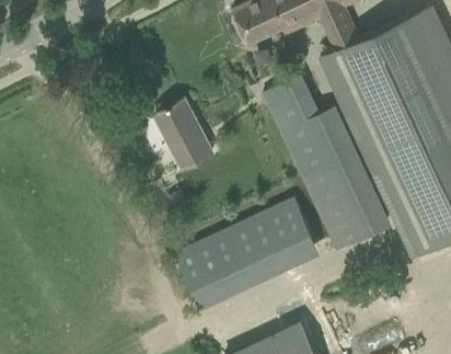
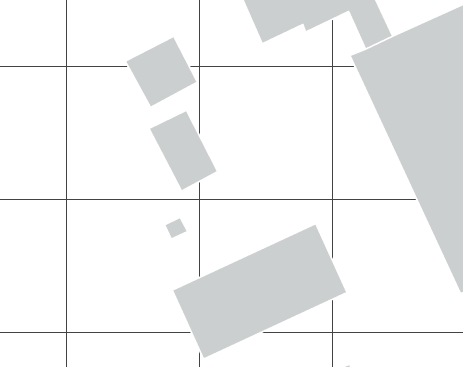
building: none -> [125,36,197,107]
building: [264,76,393,250] -> none

